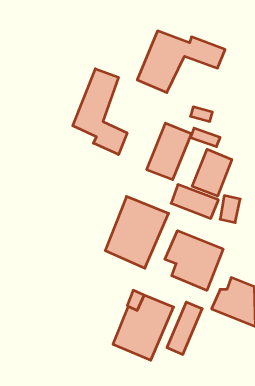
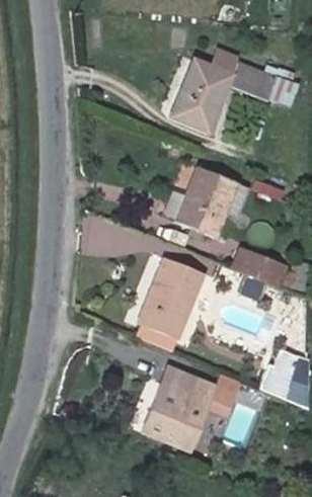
building: [73,69,127,155] -> none
building: [192,149,232,196] -> none
building: [165,231,223,290] -> none

